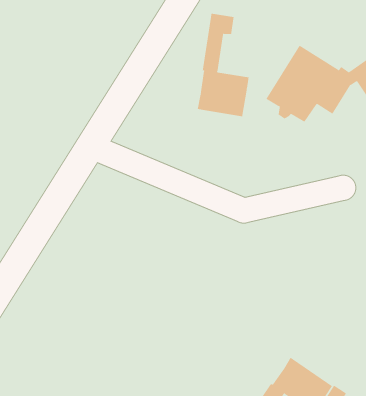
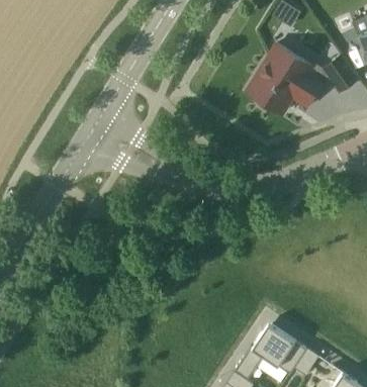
building: [197,13,249,117] -> none

